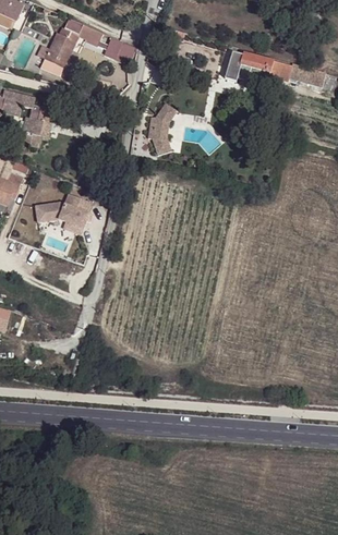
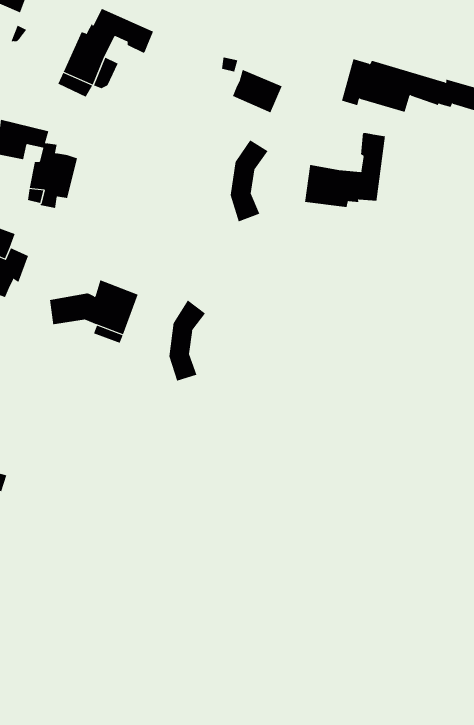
building: [104,37,136,65] -> [232,69,283,113]
building: none -> [305,132,386,208]
building: none -> [169,299,206,381]

